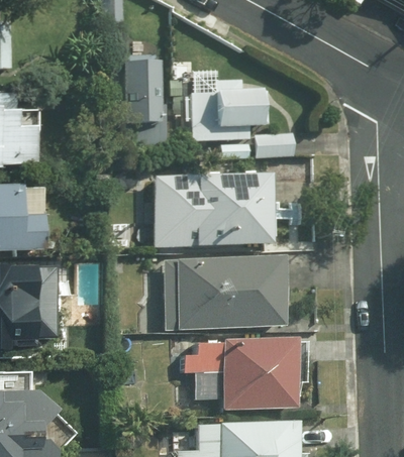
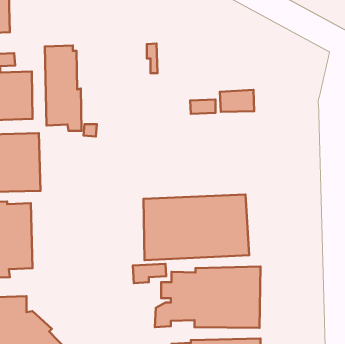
building: [122,56,165,154] -> [45,46,82,131]
building: [190,73,270,143] -> none
building: [155,170,275,245] -> none

